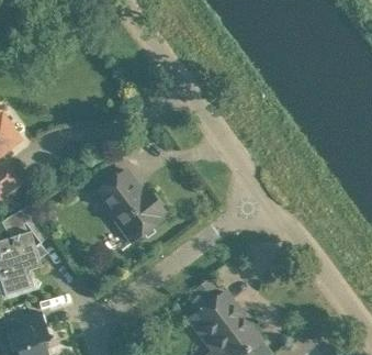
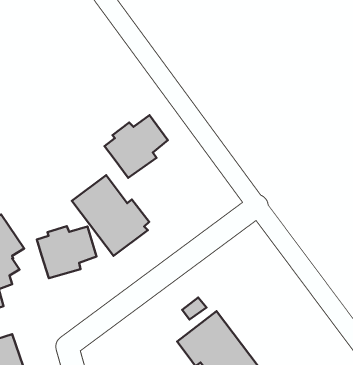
building: none -> [104,115,168,178]
building: none -> [37,226,97,278]

